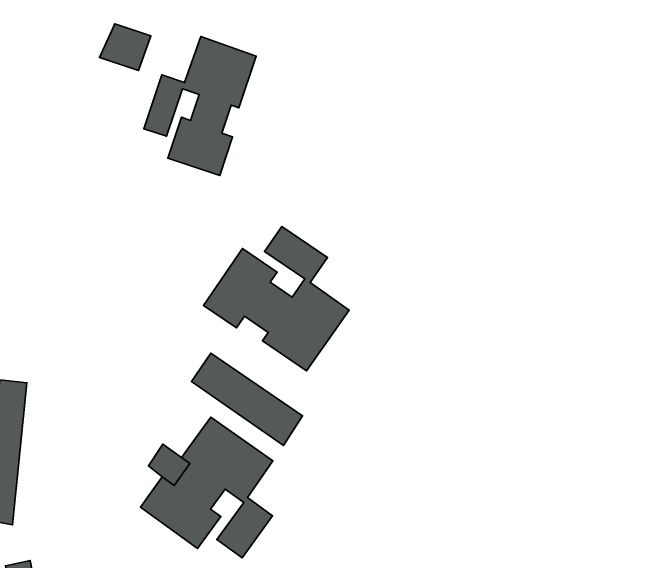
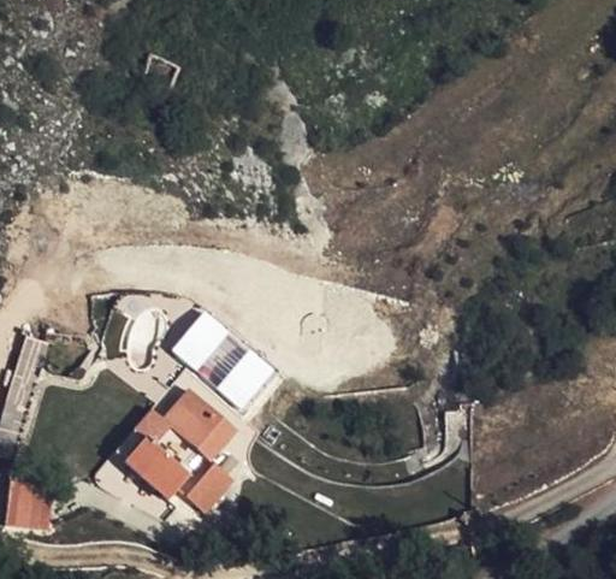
building: [144,36,256,176] -> none
building: [204,226,349,371] -> none

